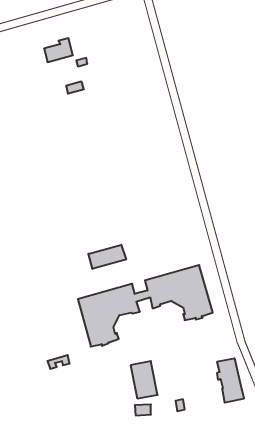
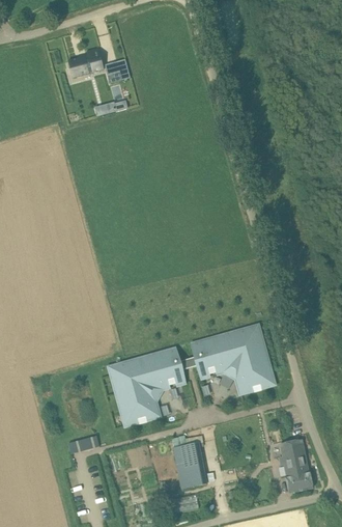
building: [88,245,126,269] -> none

